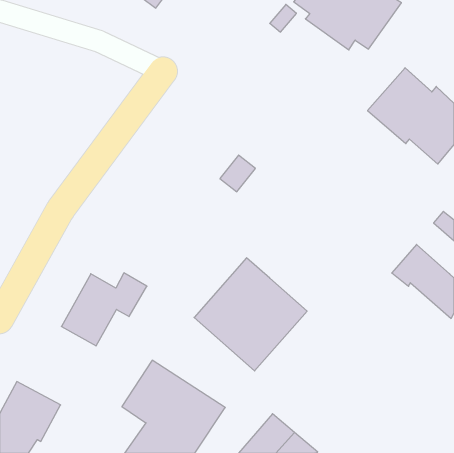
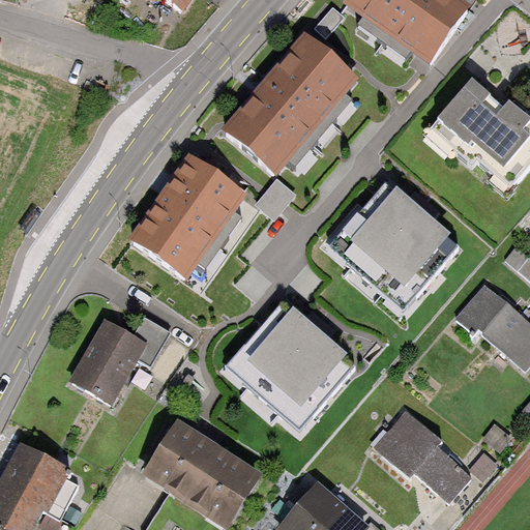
building: none -> [228,34,355,168]
building: none -> [134,154,245,274]
building: none -> [330,183,458,310]
building: none -> [375,410,470,501]

